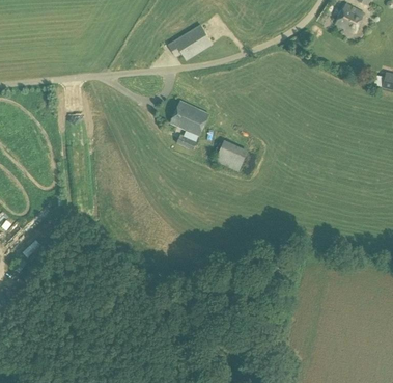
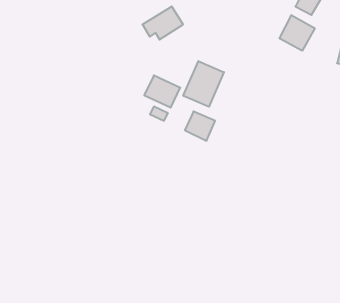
building: none -> [280,15,315,51]
building: none -> [183,61,224,107]

